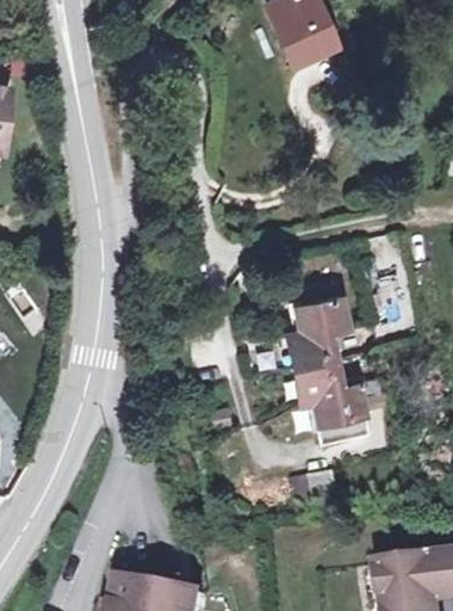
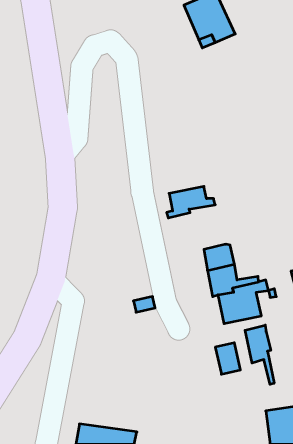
building: [294,300,361,342] -> [167,186,215,218]
building: none -> [245,325,274,384]

